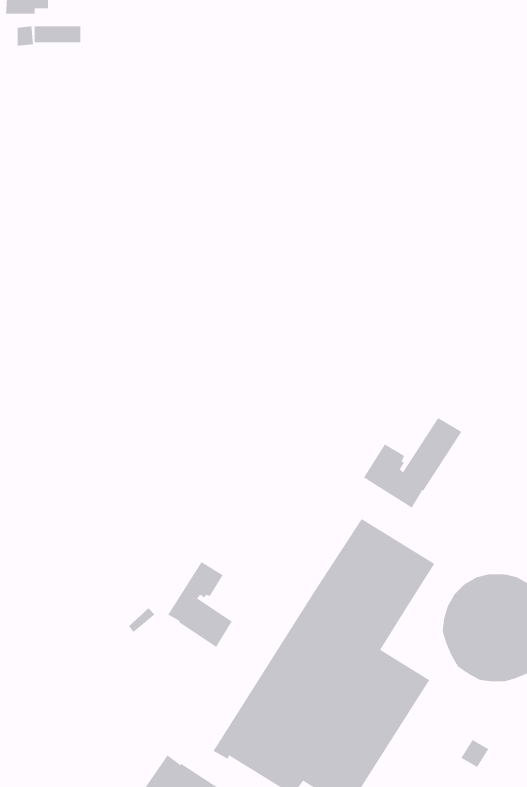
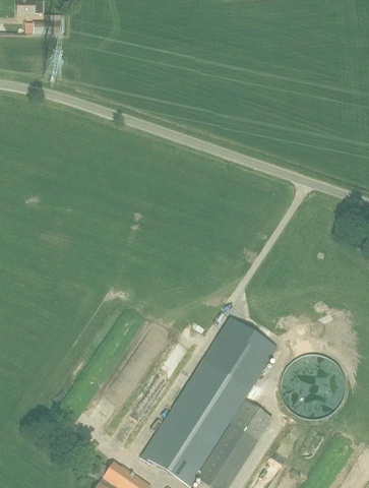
building: [363,417,462,509] -> none
building: [167,561,233,648] -> none

